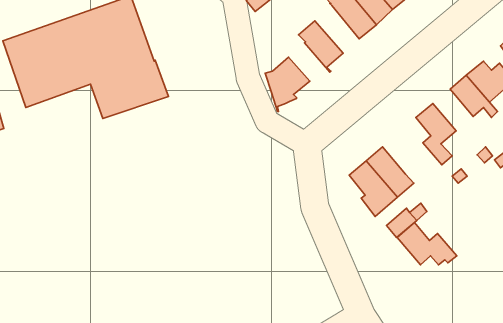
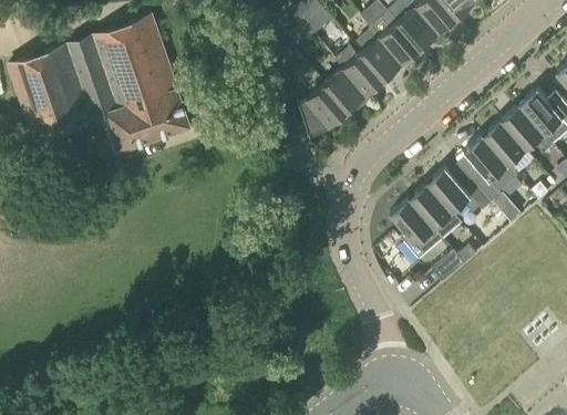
building: none -> [357,27,403,79]
building: none -> [326,68,371,110]
building: none -> [484,118,528,164]
building: [397,222,457,265] -> [429,165,494,211]

